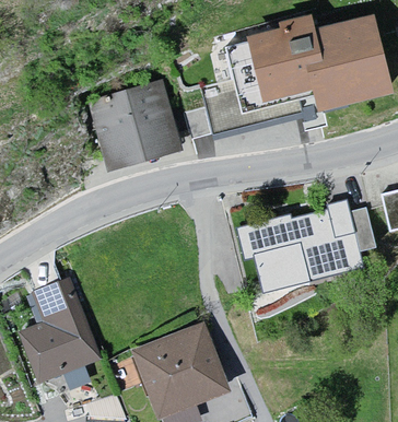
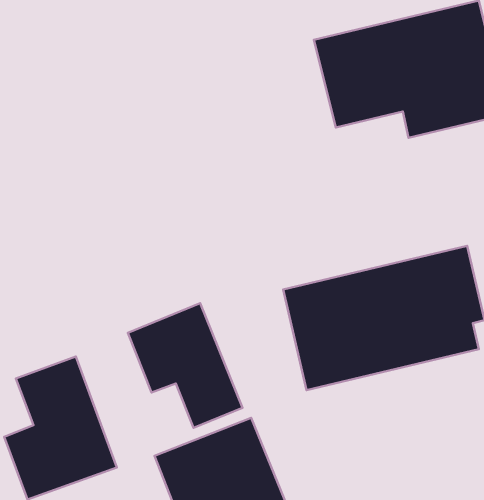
building: [86,81,185,171] -> none
building: none -> [128,303,243,428]

